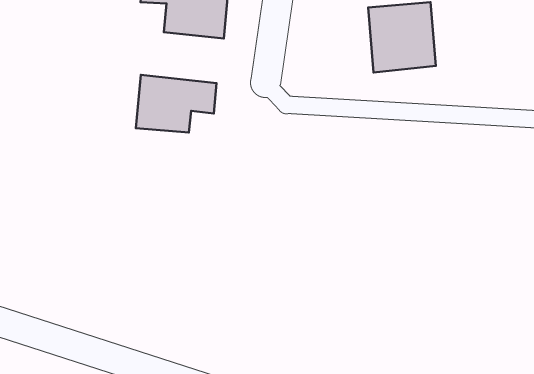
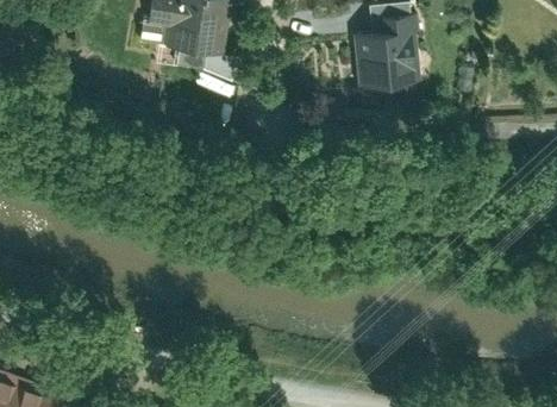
building: [136,75,217,132] -> none

